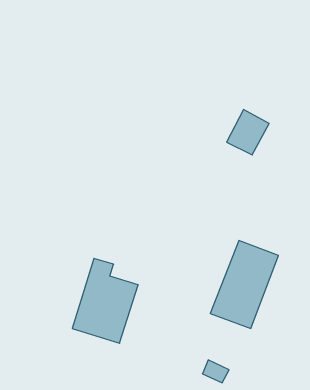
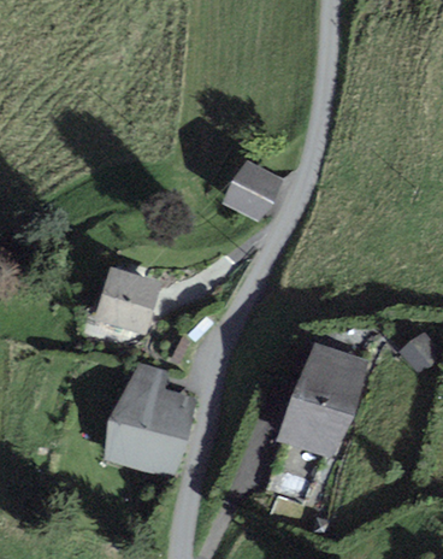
building: [227,110,269,155] -> [226,164,278,219]
building: none -> [98,270,156,333]

